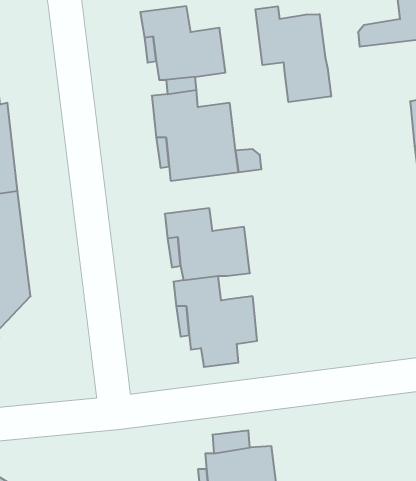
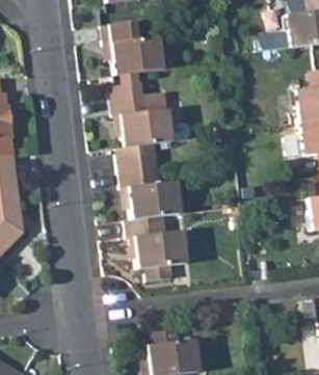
building: [255,6,331,102] -> none

